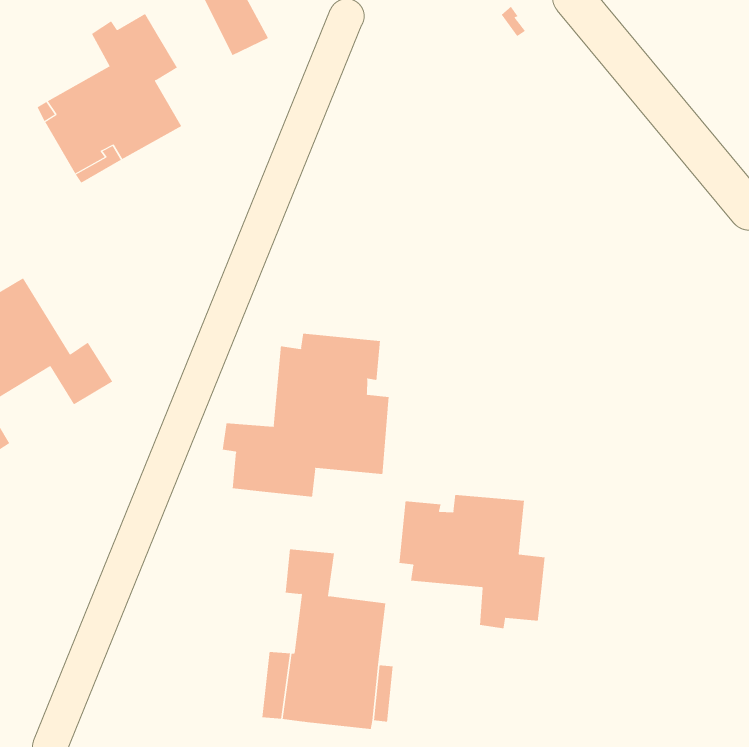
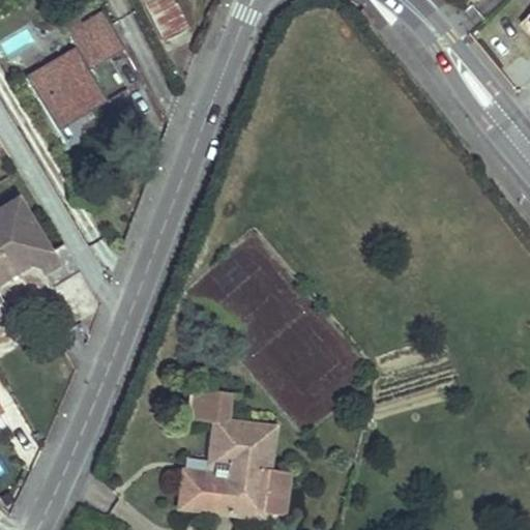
building: [222,333,389,498] -> none
building: [399,494,545,629] -> none

